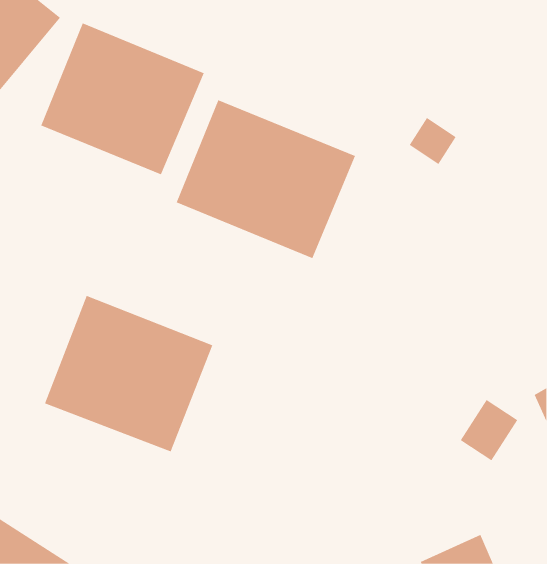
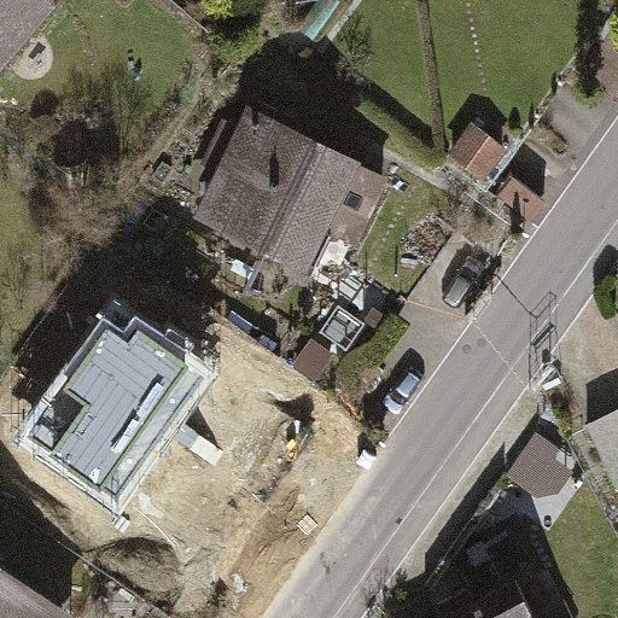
building: [40,23,204,175] -> none

